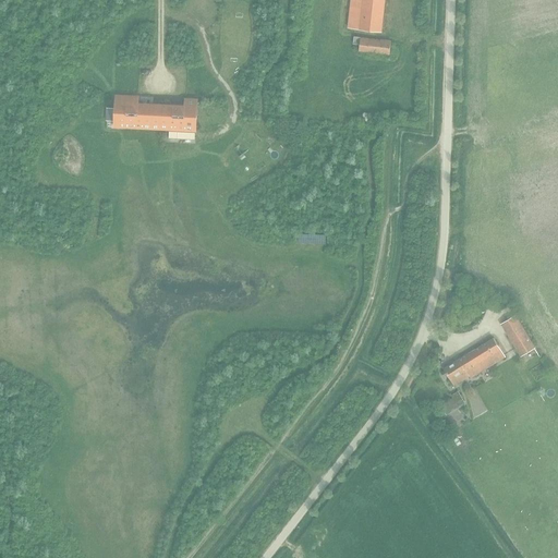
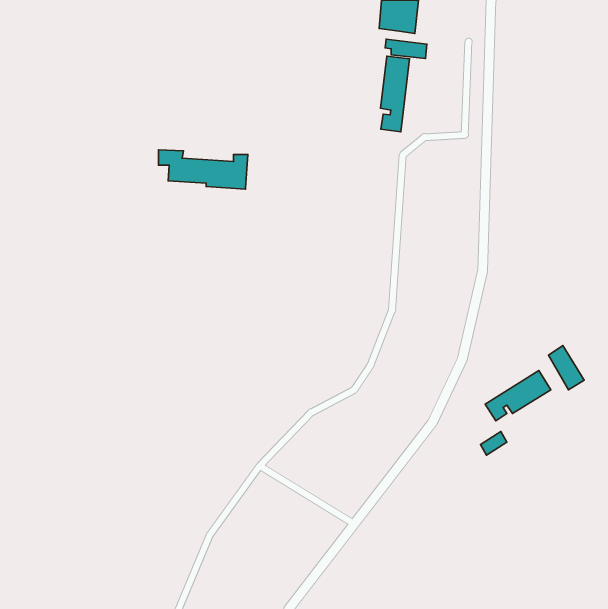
building: none -> [381,56,409,132]
building: [114,95,196,131] -> [158,150,248,189]

